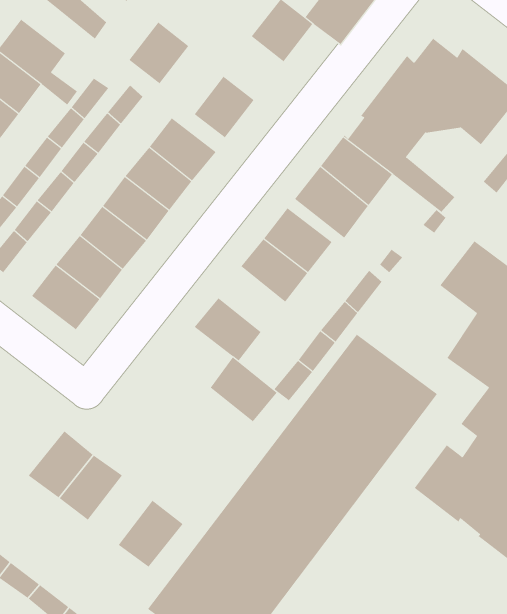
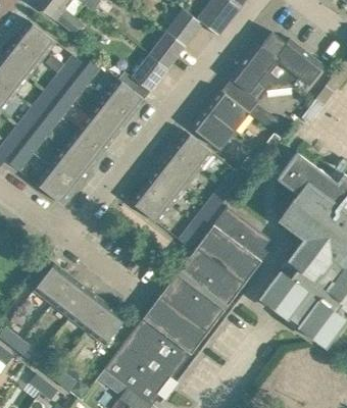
building: [129,20,189,84] -> [148,32,184,69]
building: [210,357,277,422] -> [145,167,185,206]
building: none -> [68,291,106,332]

